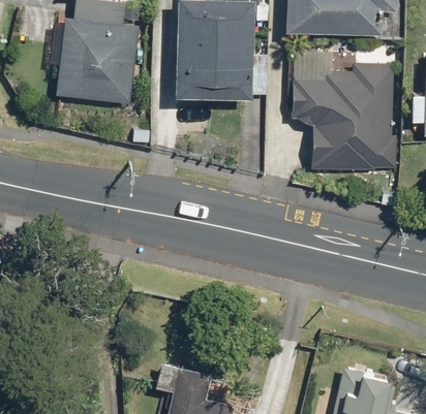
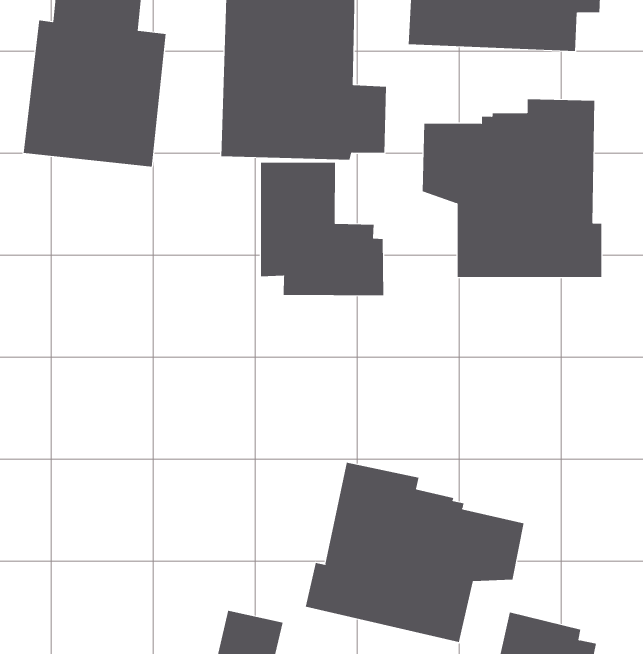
building: none -> [261,162,384,296]
building: none -> [305,462,524,643]

